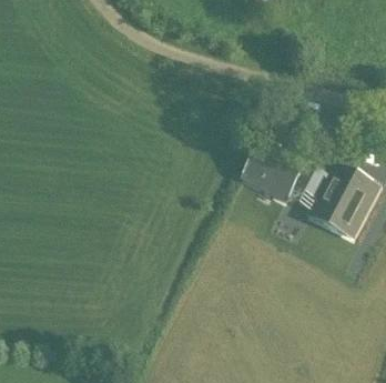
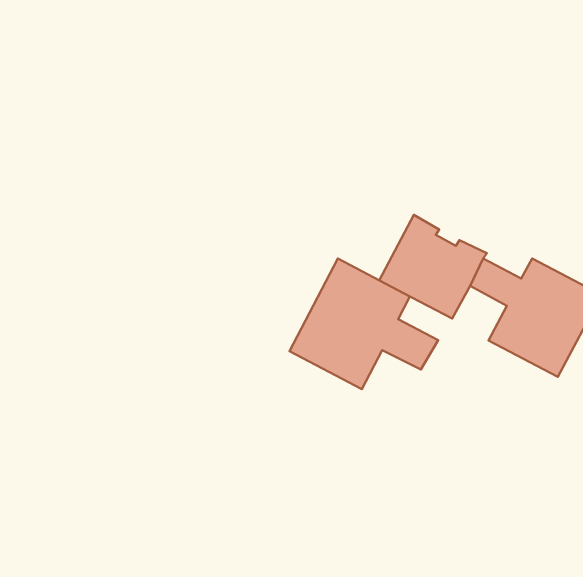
building: none -> [290,259,438,389]

